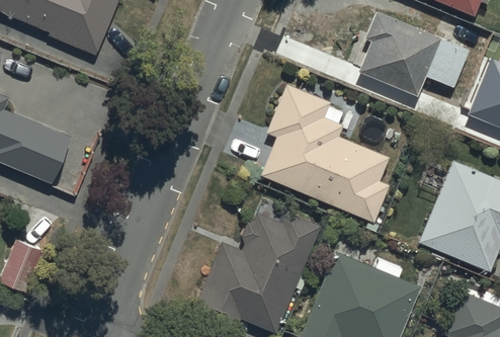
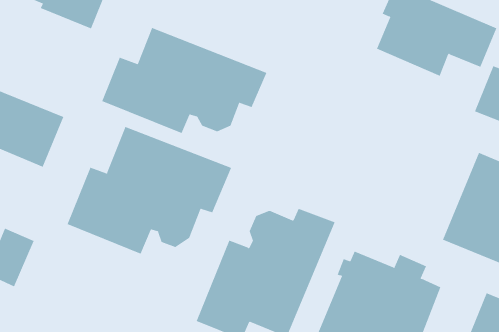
building: none -> [102,27,267,134]
building: [261,89,390,227] -> none
building: none -> [67,126,232,254]

